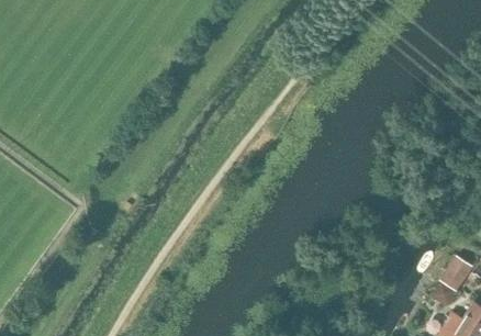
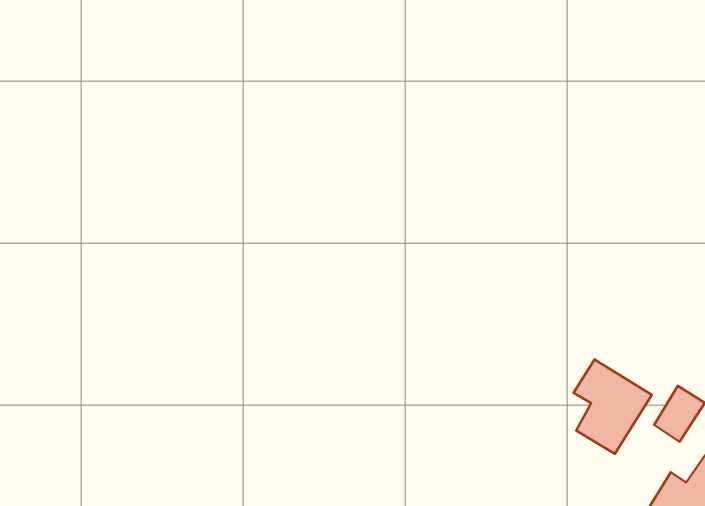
building: none -> [573,359,652,454]

